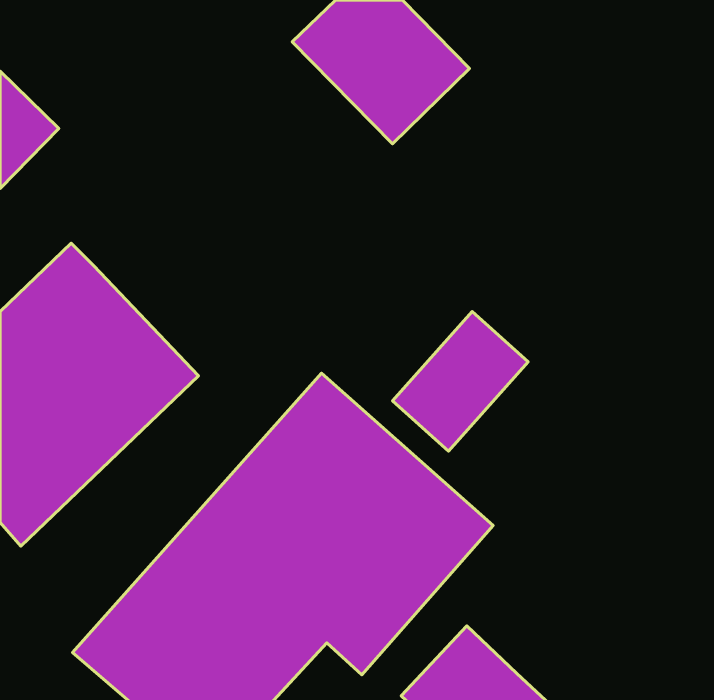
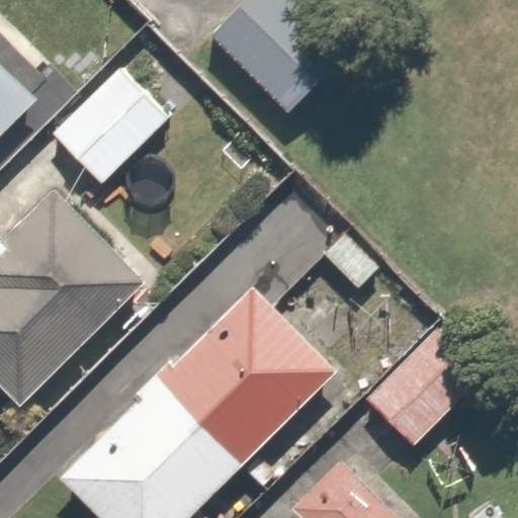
building: none -> [53,70,167,184]
building: none -> [365,329,480,443]

